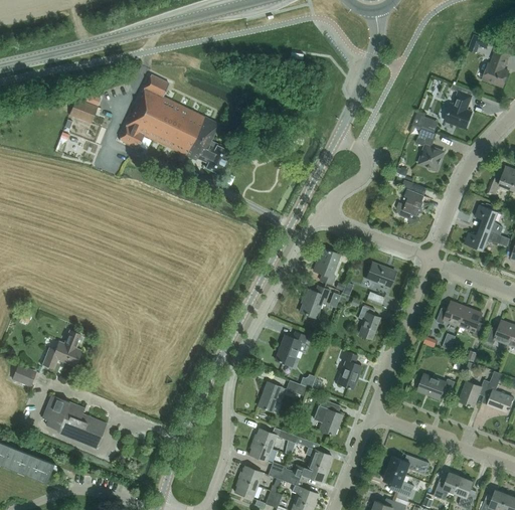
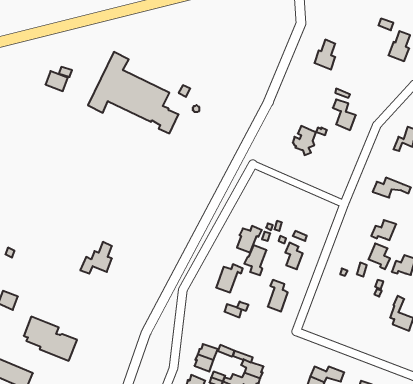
building: [446,92,471,128] -> [314,40,335,70]
building: [397,189,425,224] -> [293,126,316,155]
building: [475,205,503,235] -> none
building: [313,248,340,285] -> [244,245,267,275]
building: [366,263,395,292] -> none
building: [437,302,467,326] -> [371,220,396,240]
building: [42,330,80,368] -> [80,242,112,274]
building: [417,374,455,399] -> none
building: [459,380,490,406] -> none
building: [258,381,284,411] -> none
building: [314,399,343,436] -> none

